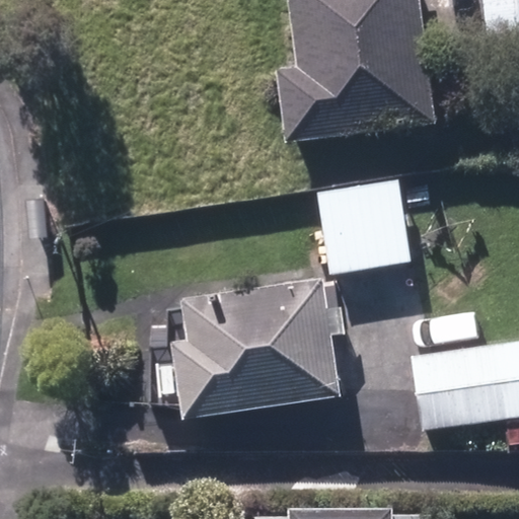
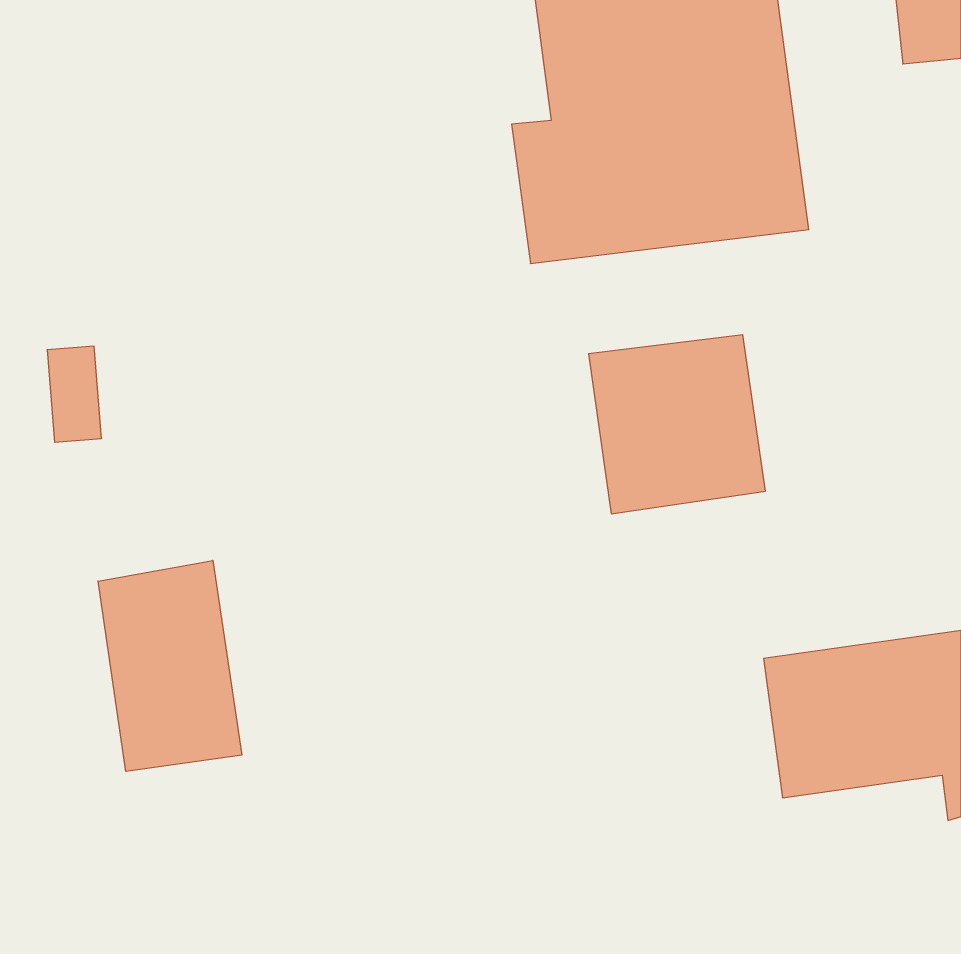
building: [171,277,345,418] -> none
building: none -> [98,560,242,771]

